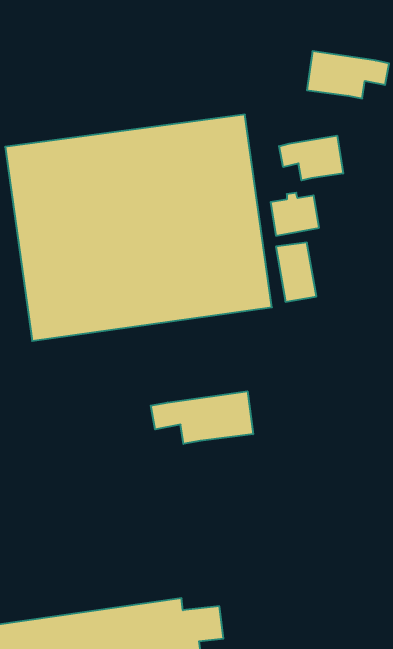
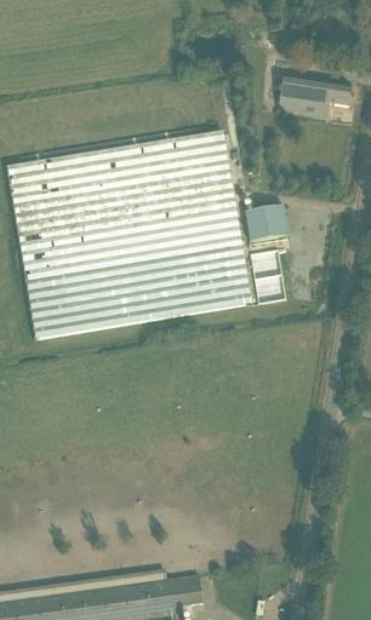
building: [279,136,343,180] -> none
building: [151,391,253,444] -> none

